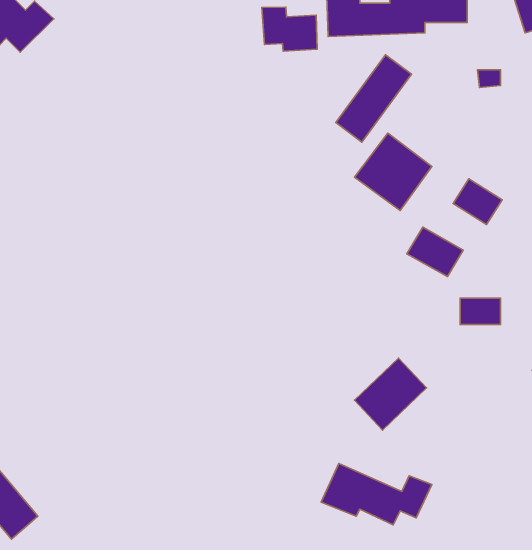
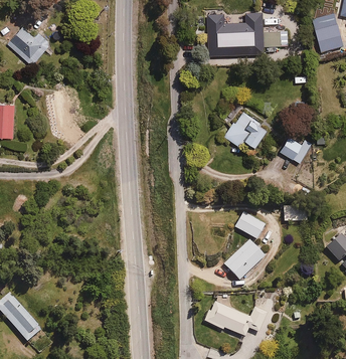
building: [262,7,317,51] -> none
building: [336,55,412,142] -> none
building: [407,227,463,277] -> [234,211,267,239]

